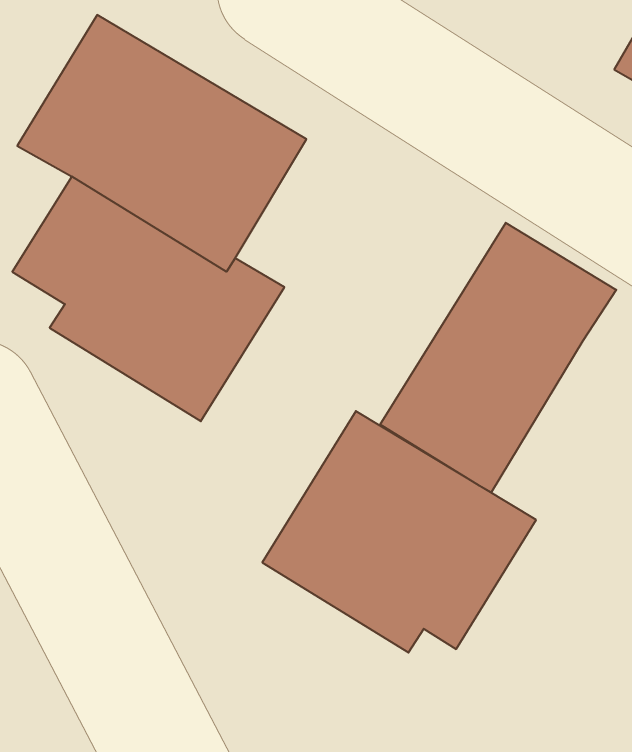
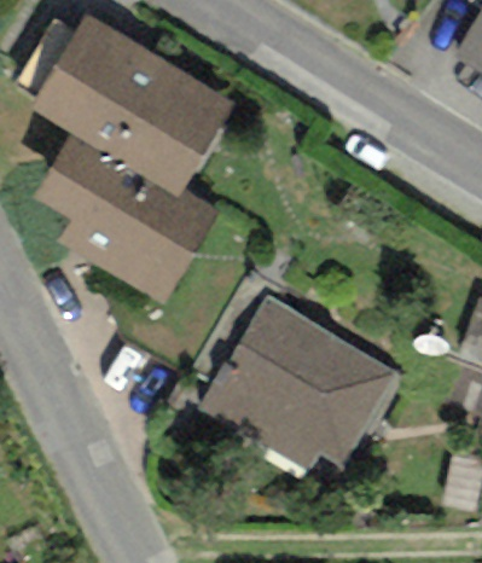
building: [380,223,616,493] -> none

